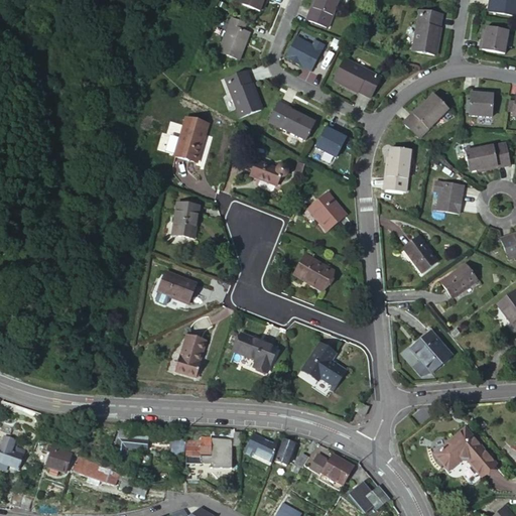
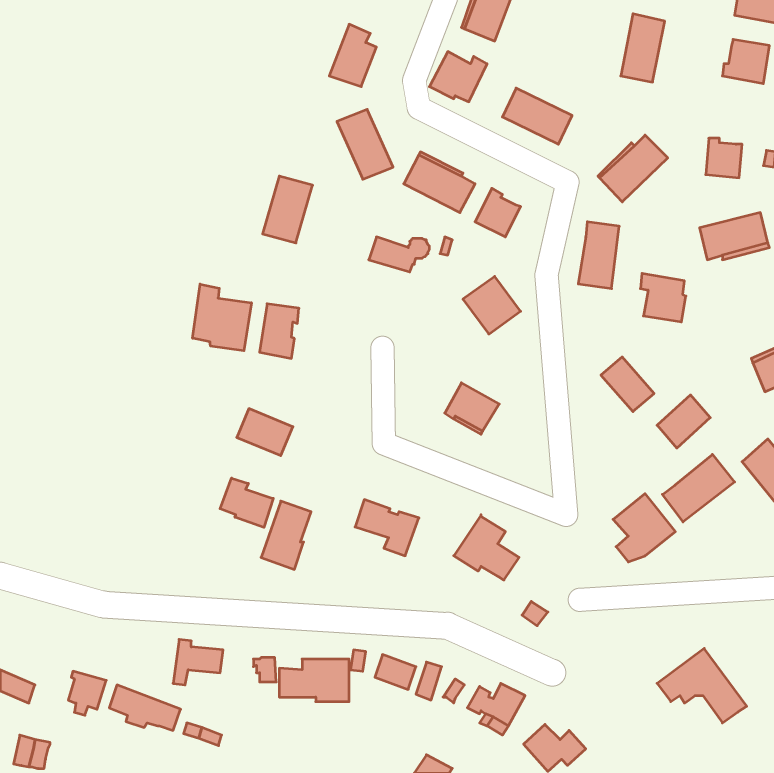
building: none -> [193,284,251,351]
building: none -> [662,454,735,522]
building: none -> [220,478,273,527]

